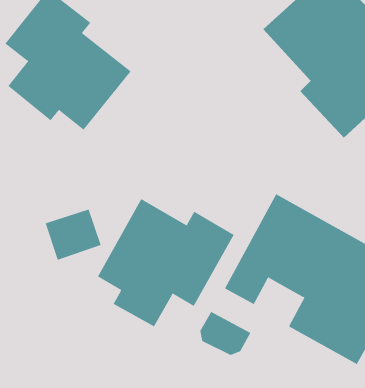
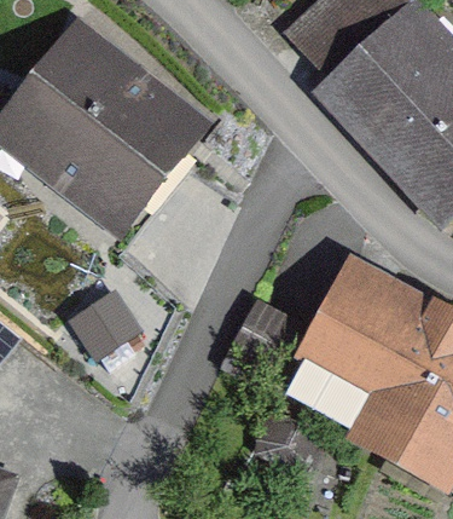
building: [97,198,235,327] -> none

